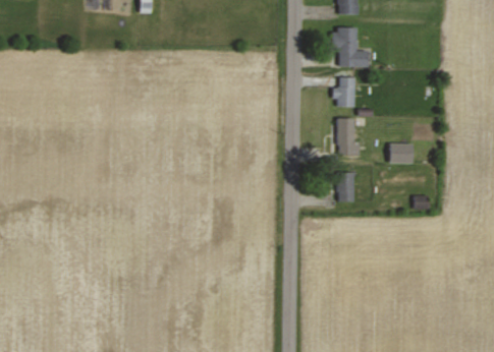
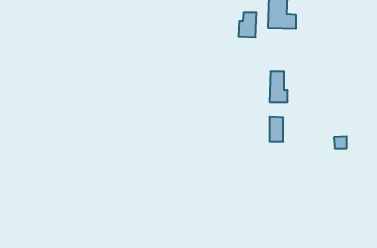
building: [334,77,355,107] -> [238,12,256,37]
building: [389,143,413,164] -> none

